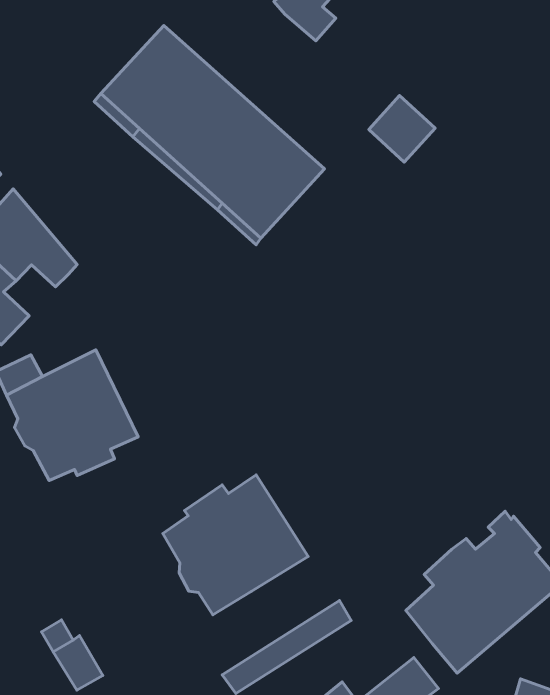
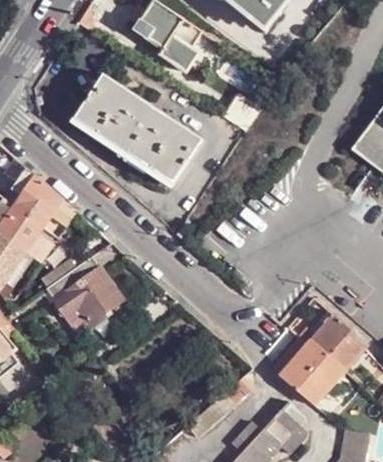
building: [163,475,308,615] -> none

